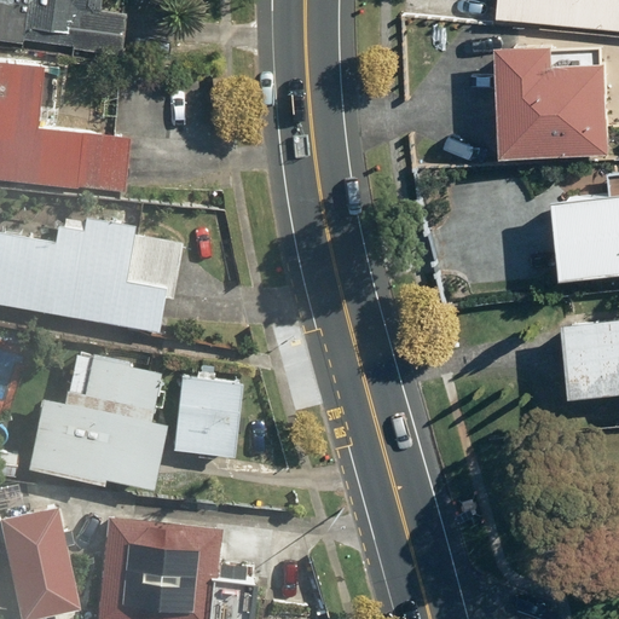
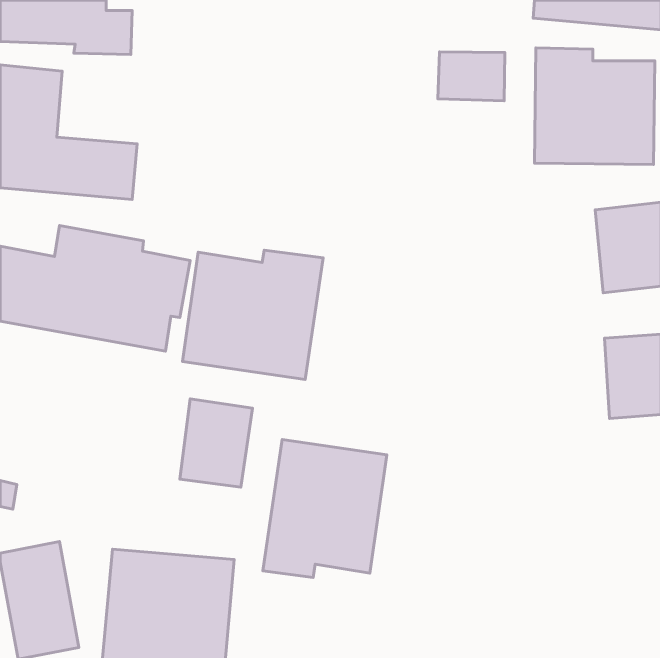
building: none -> [438,52,505,101]
building: none -> [183,250,323,380]
building: [25,349,166,490] -> none
building: none -> [263,440,387,578]

